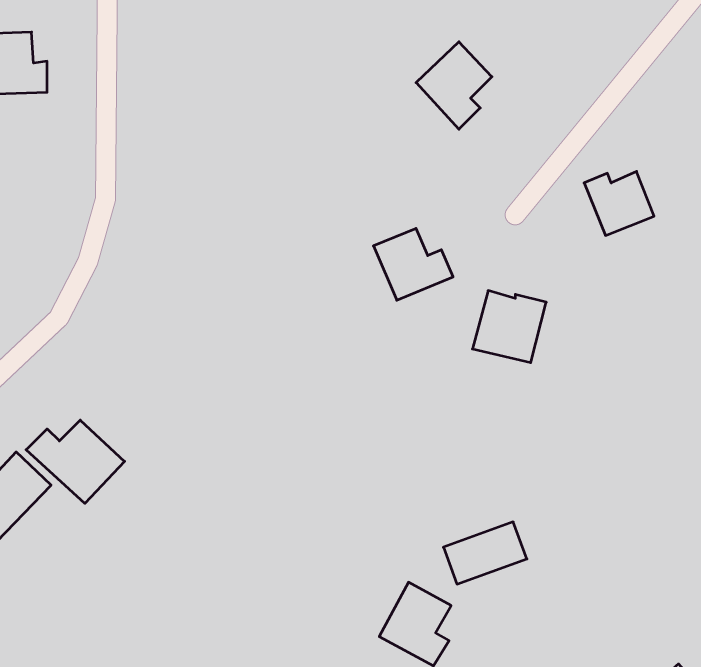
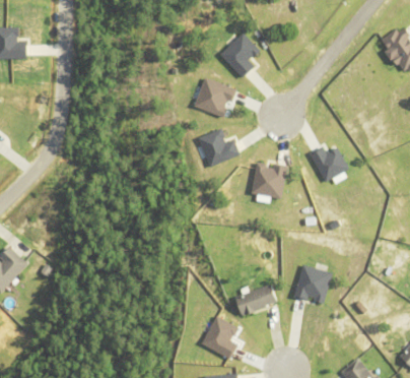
building: none -> [193,77,234,118]
building: [584,171,654,235] -> [311,147,347,181]
building: [26,420,125,503] -> none
building: none -> [292,263,331,302]

